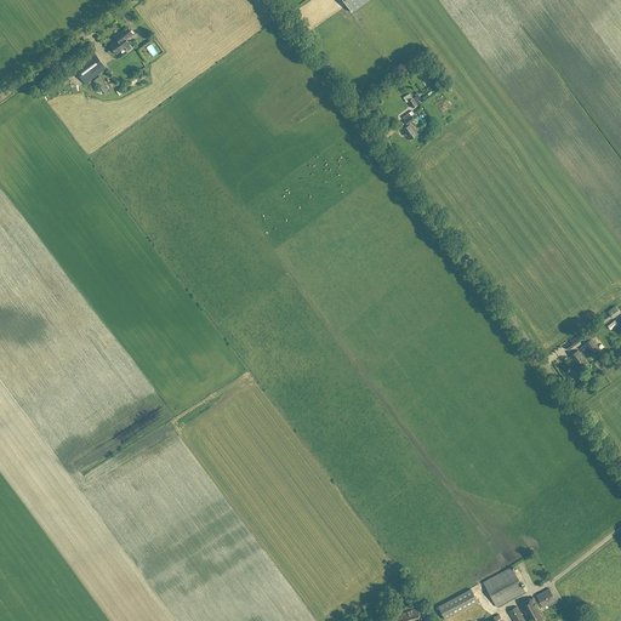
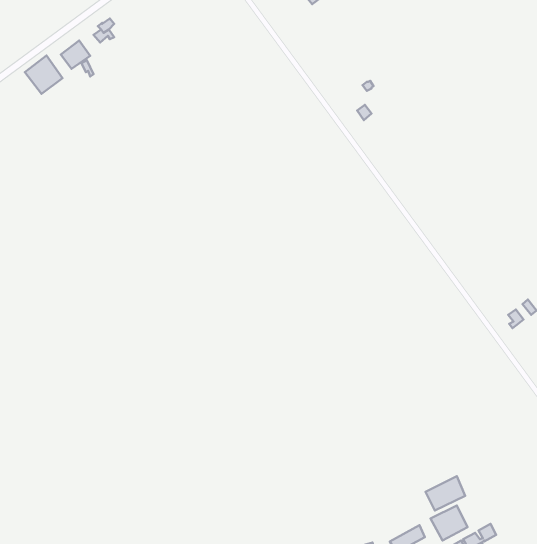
building: none -> [25,56,63,94]
building: none -> [425,476,465,511]

